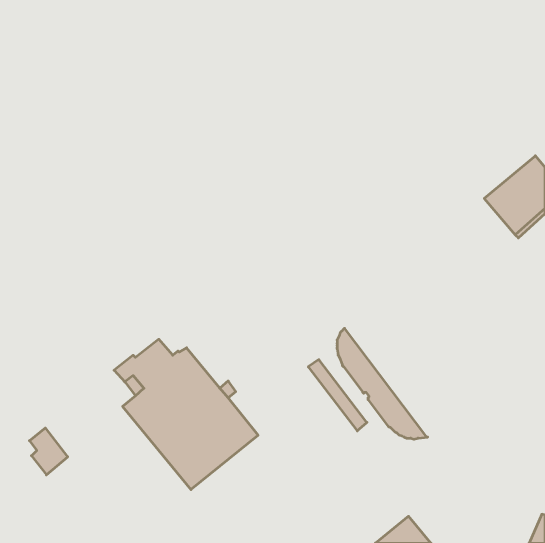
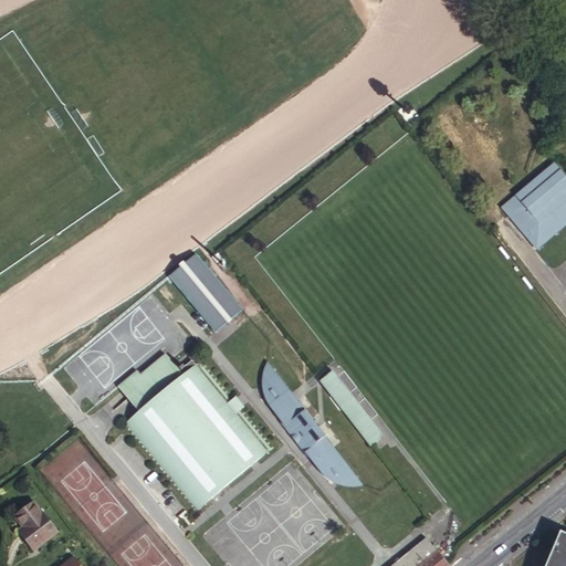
building: none -> [167,252,241,331]
building: [337,328,428,439] -> [266,371,360,486]
building: [29,428,68,475] -> [17,501,56,549]

